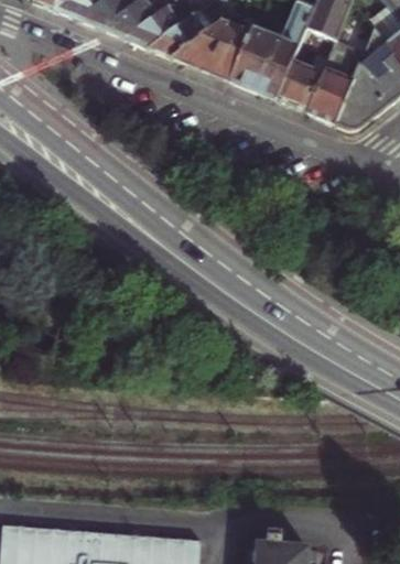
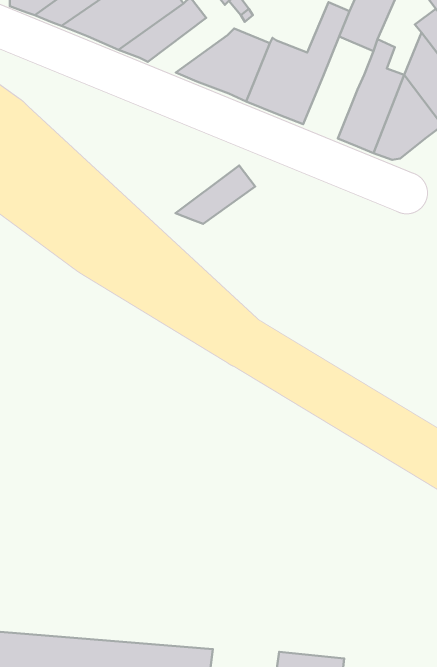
building: [149,13,215,62] -> [175,165,255,224]
building: [278,65,323,117] -> none

